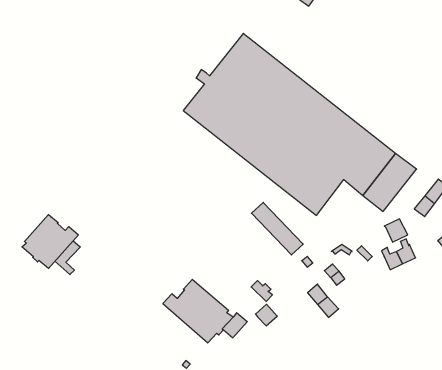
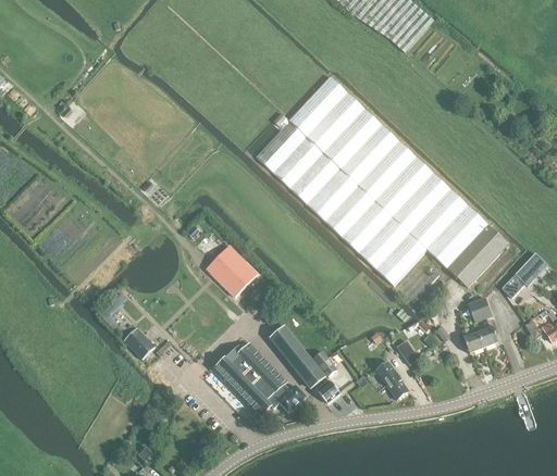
building: none -> [206,245,259,297]
building: [251,202,303,255] -> [270,326,324,387]
building: [22,215,78,268] -> none
building: none -> [124,327,154,359]

